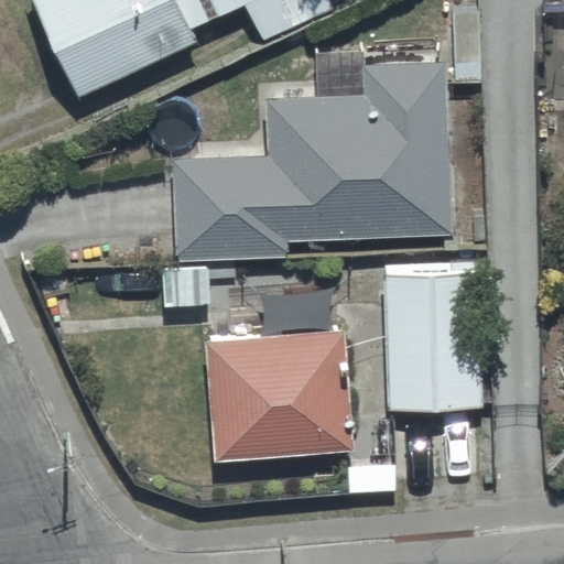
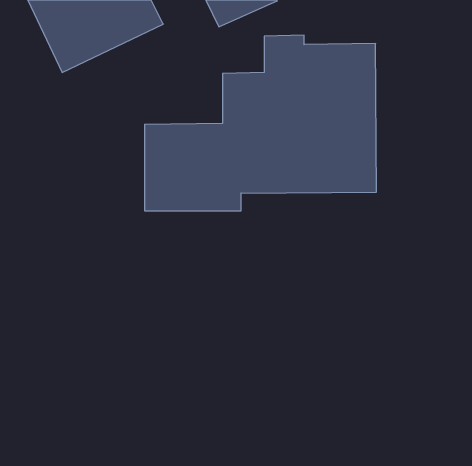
building: [382,272,481,411] -> none
building: [204,329,354,460] -> none

